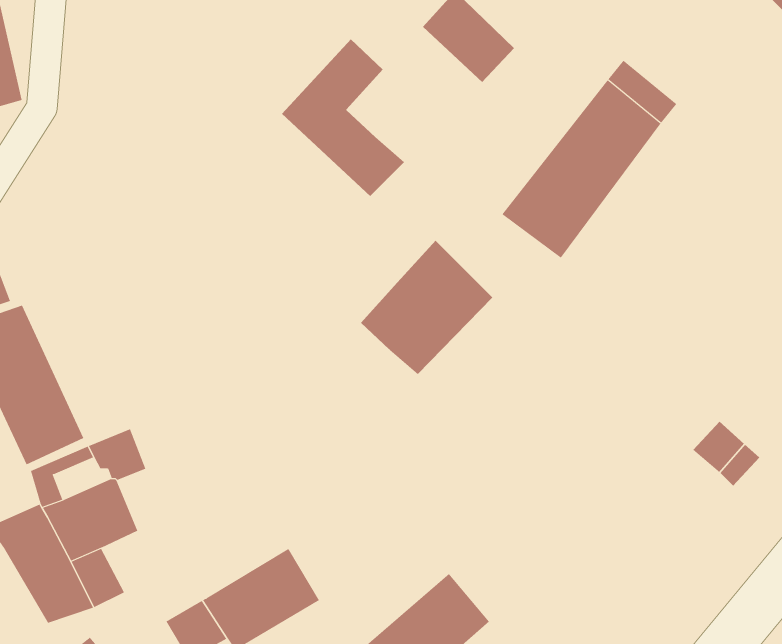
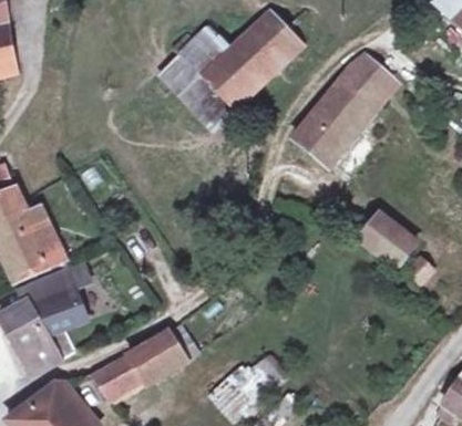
building: [360,240,493,375] -> [204,31,280,108]
building: none -> [360,215,413,264]

